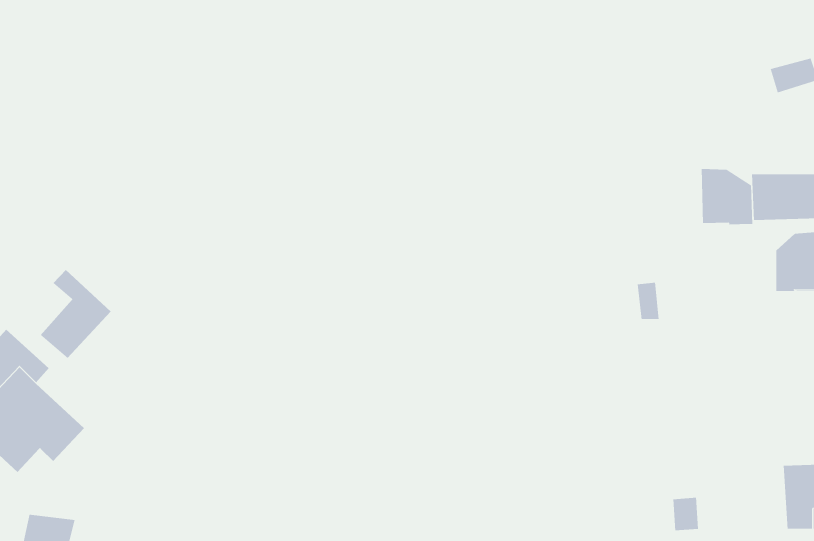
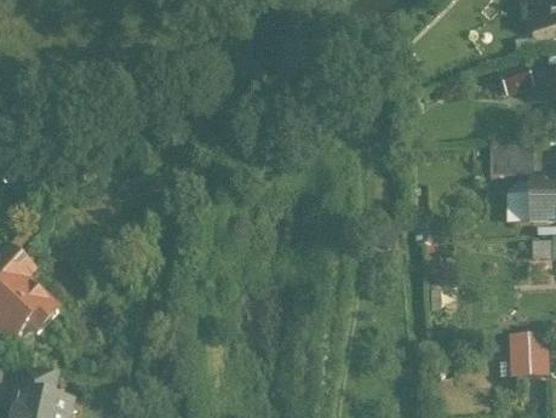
building: [701,168,753,225] -> none
building: [40,269,111,359] -> none

